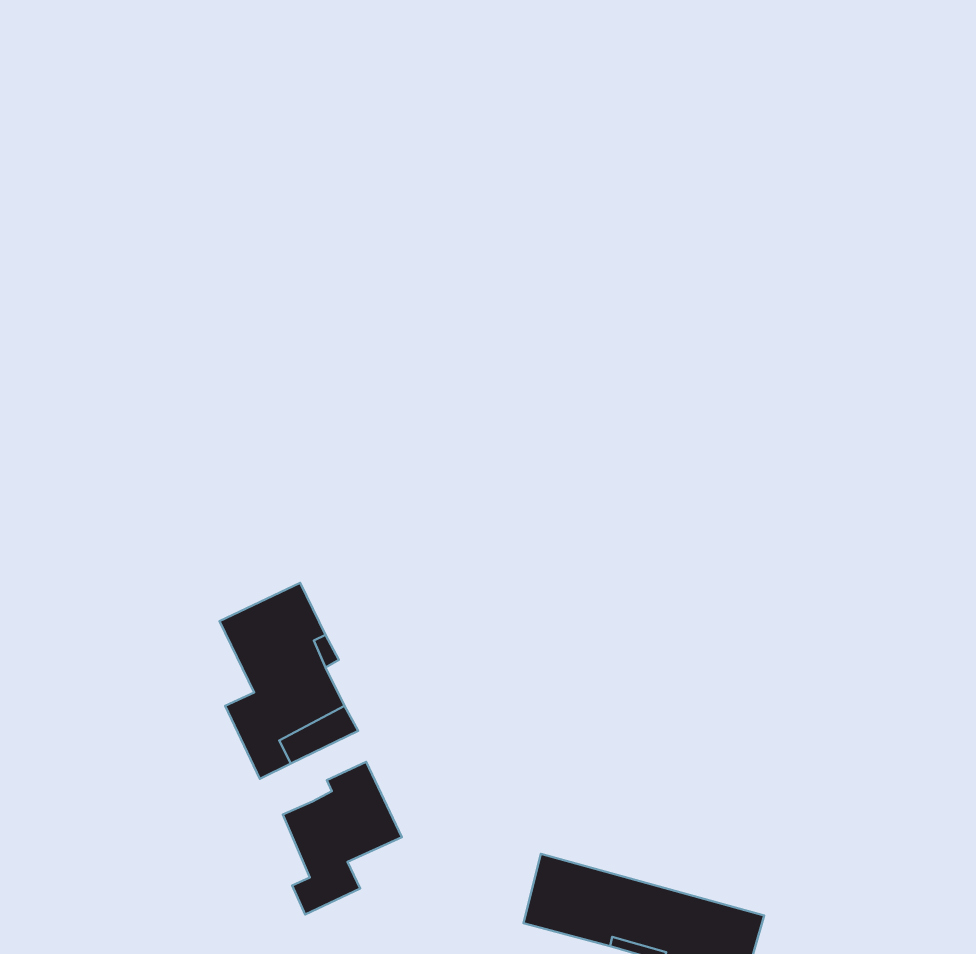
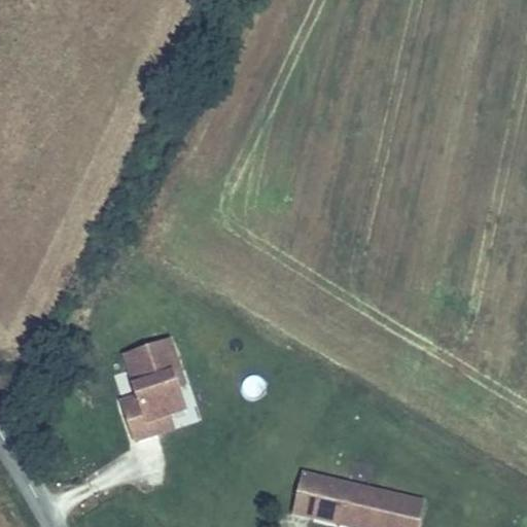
building: [283,762,402,915] -> none

